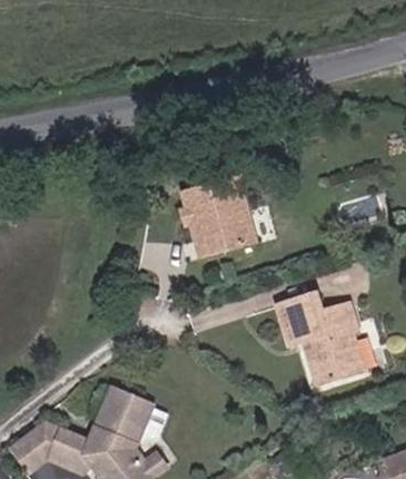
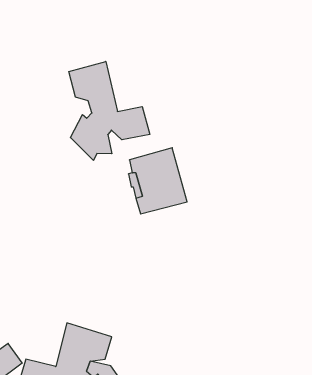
building: none -> [69,61,150,160]
building: [273,291,363,383] -> none

